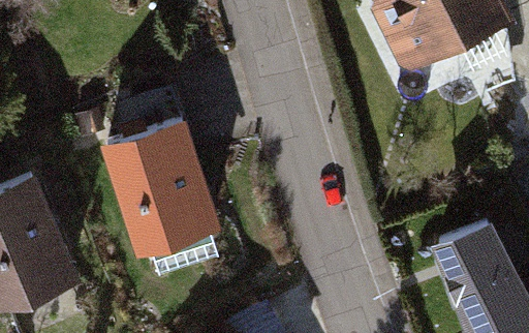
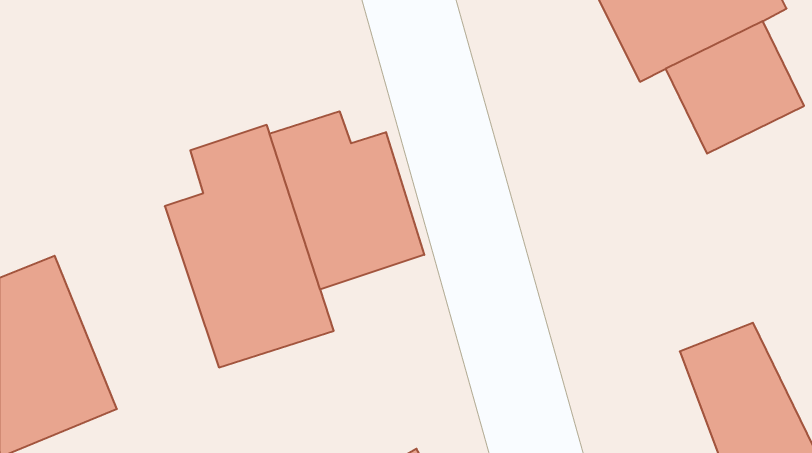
building: none -> [270,111,424,289]

